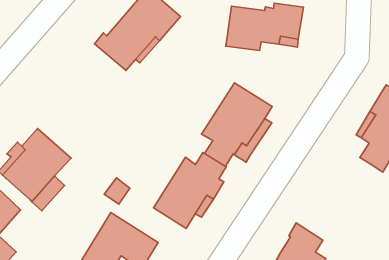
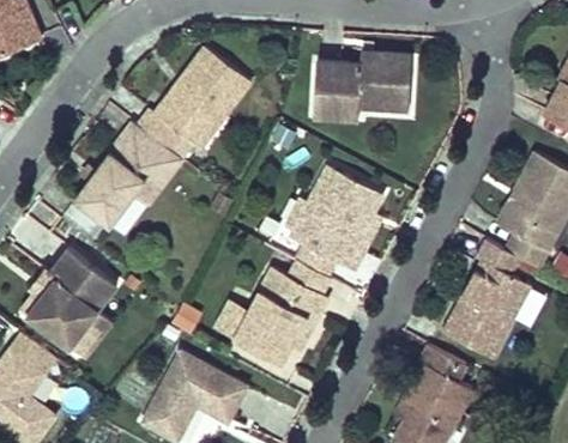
building: none -> [74,123,181,226]
building: none -> [442,239,531,359]

